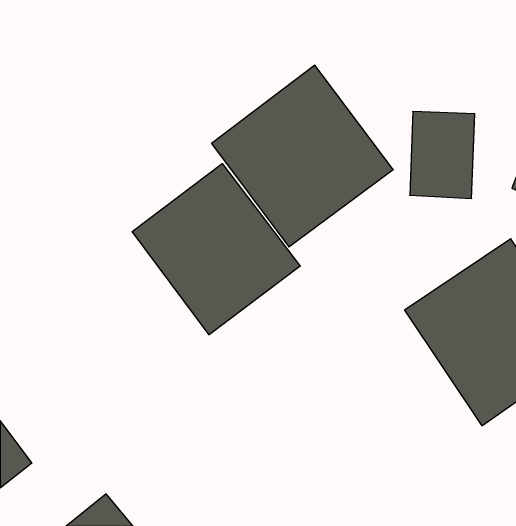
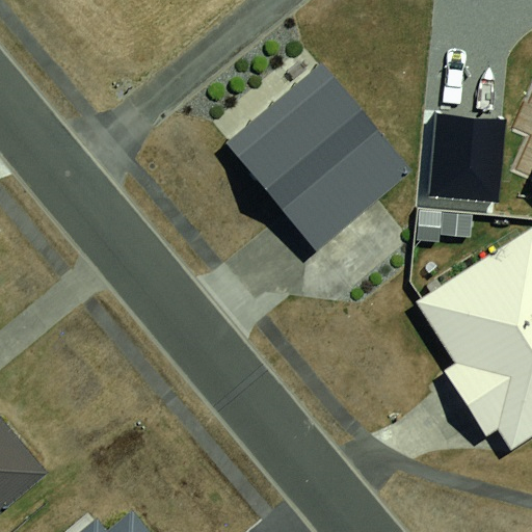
building: [132,164,300,335] -> none

